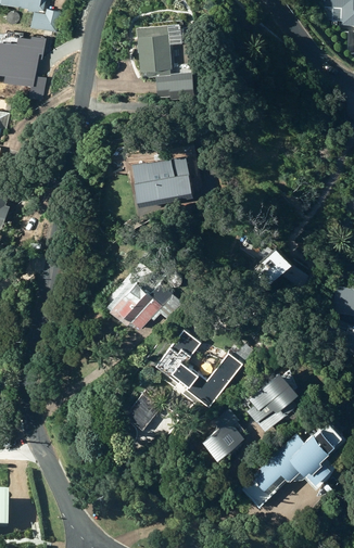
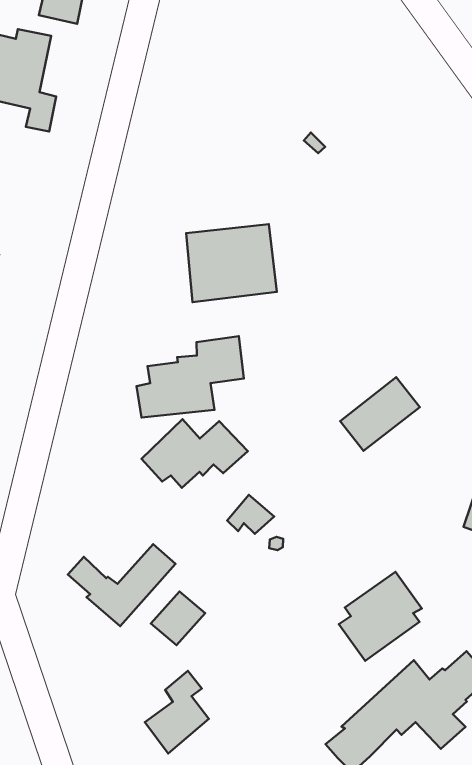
building: [137,25,193,99] -> none
building: none -> [137,336,244,418]
building: [174,352,243,406] -> [68,544,176,626]
building: [203,408,244,462] -> [145,671,209,754]

